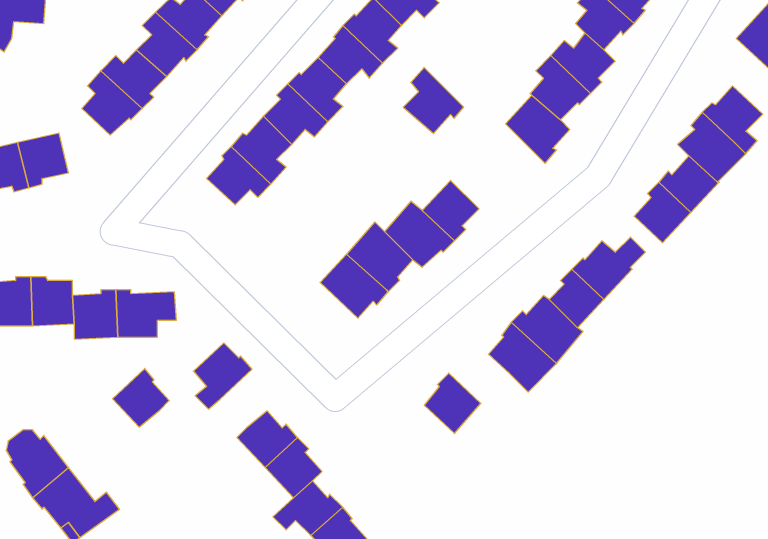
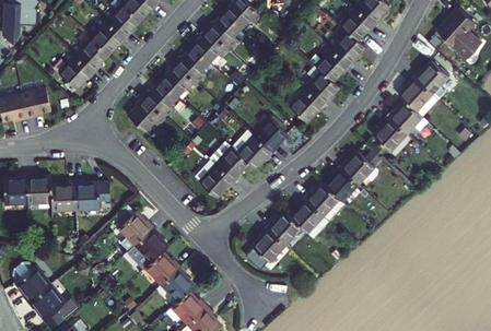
building: [403,67,464,134] -> [289,84,324,122]
building: none -> [268,212,303,246]
building: [113,368,169,427] -> [136,226,168,260]

